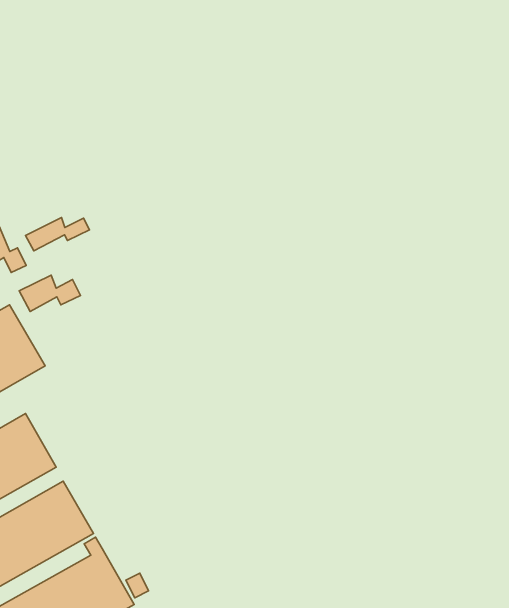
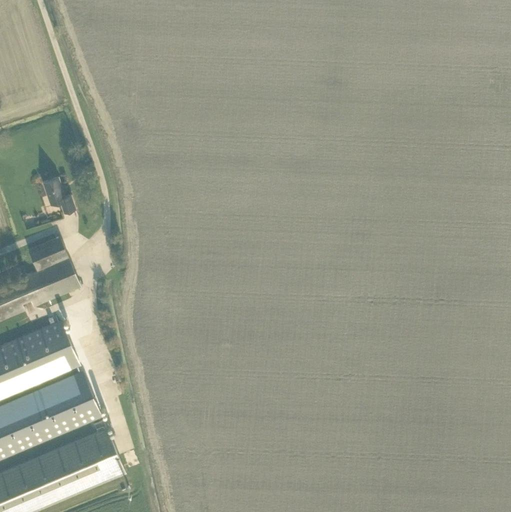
building: [25,218,90,251] -> none
building: [19,275,81,312] -> none

